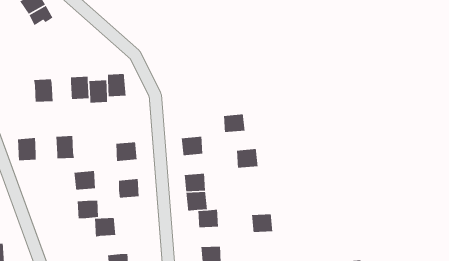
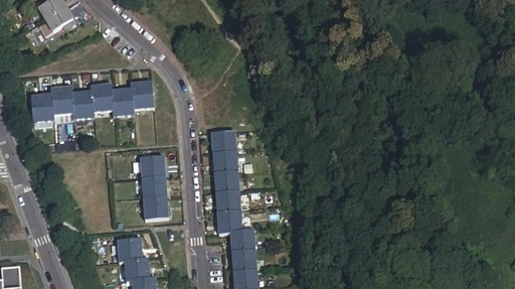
building: [223,114,245,133] -> [211,131,235,152]
building: [55,135,75,159] -> [72,92,94,118]
building: [17,137,37,161] -> [32,95,53,121]
building: [236,148,258,169] -> [214,170,238,192]
building: [74,170,96,191] -> [142,176,166,198]
building: [77,200,99,219] -> [125,259,149,280]
building: [251,213,273,233] -> [231,250,255,271]

